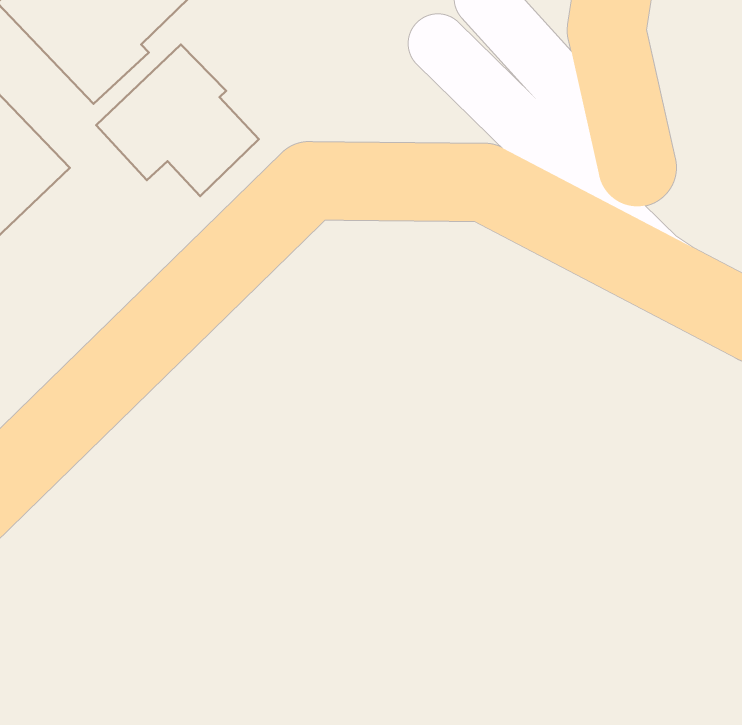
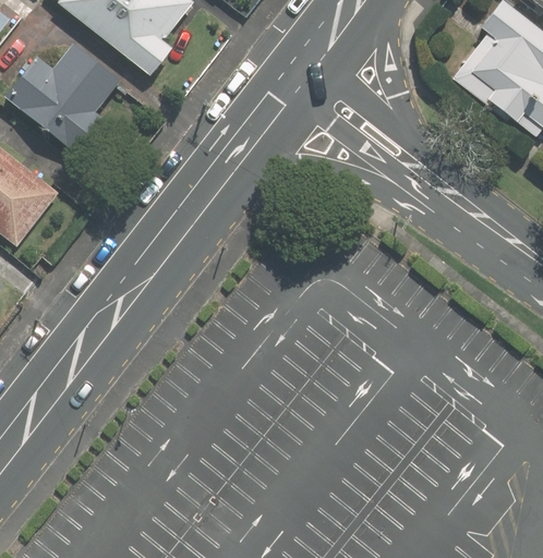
building: [96,45,259,196] -> none

